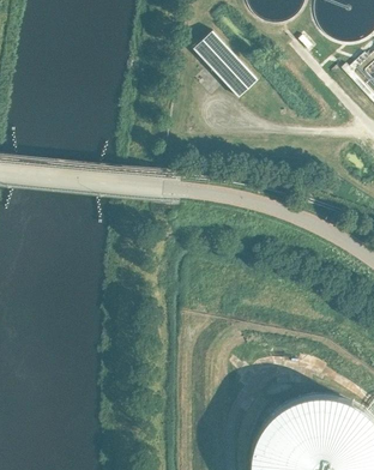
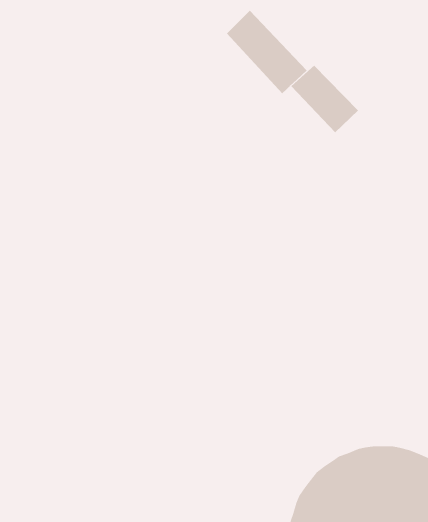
building: none -> [291,65,359,133]

